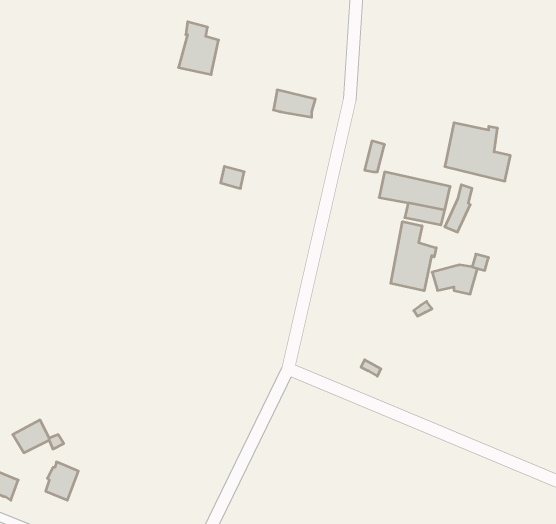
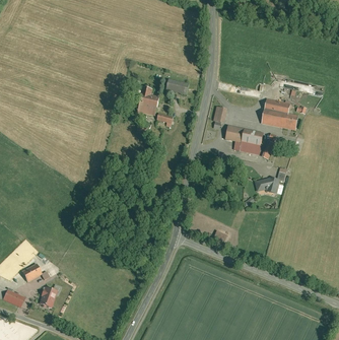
building: [178,22,219,75] -> [136,87,158,117]
building: [391,222,436,291] -> none

